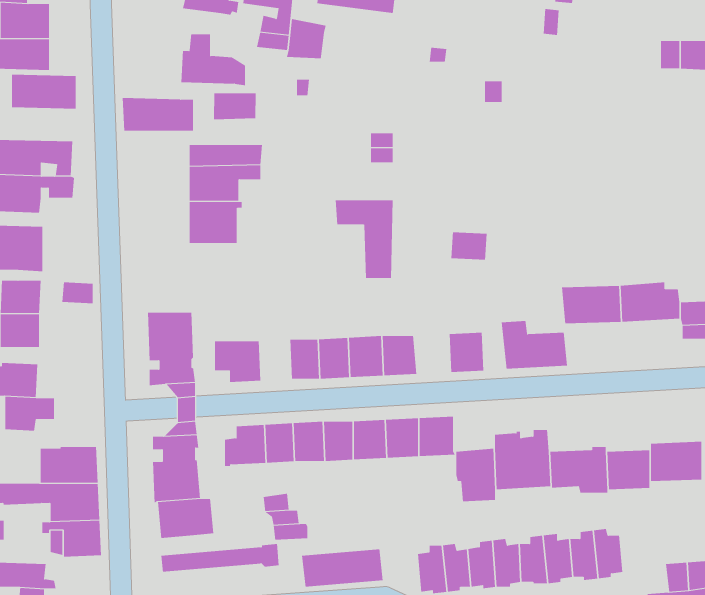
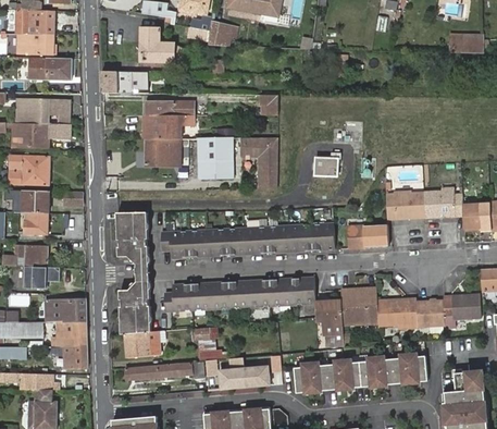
building: [213,93,256,120] -> none
building: none -> [190,138,232,179]
building: none -> [290,225,314,252]
building: none -> [190,229,211,256]

